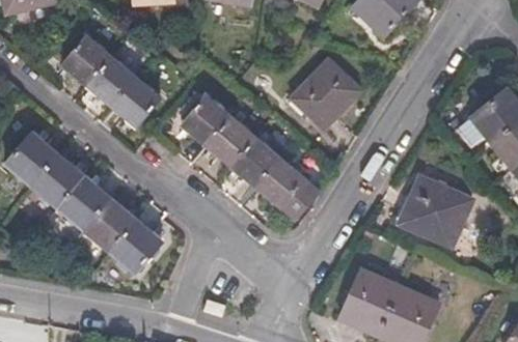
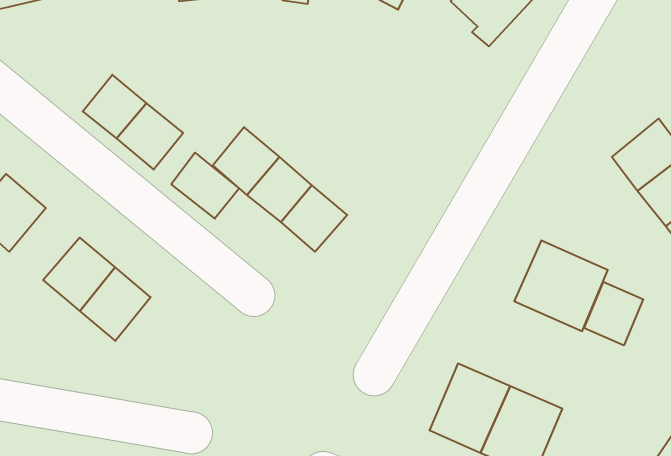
building: [61,37,107,84] -> none
building: [293,59,360,132] -> none
building: none -> [171,153,239,219]
building: [31,154,83,207] -> none
building: [255,160,318,219] -> none
building: none -> [584,282,643,345]
building: [109,220,162,274] -> none

